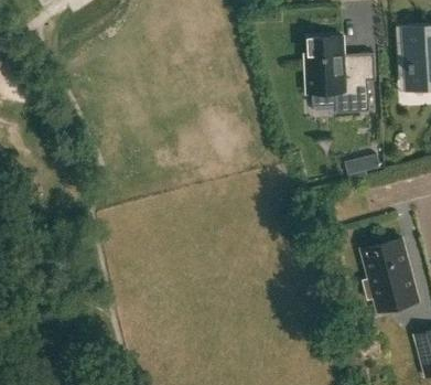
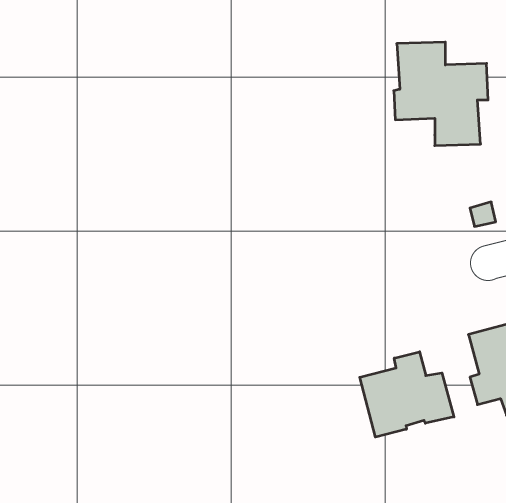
building: none -> [360,352,454,437]

